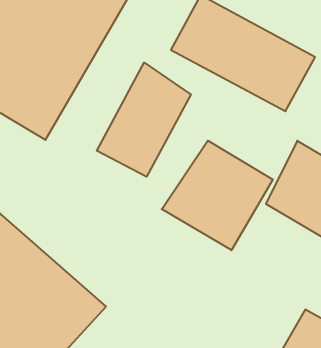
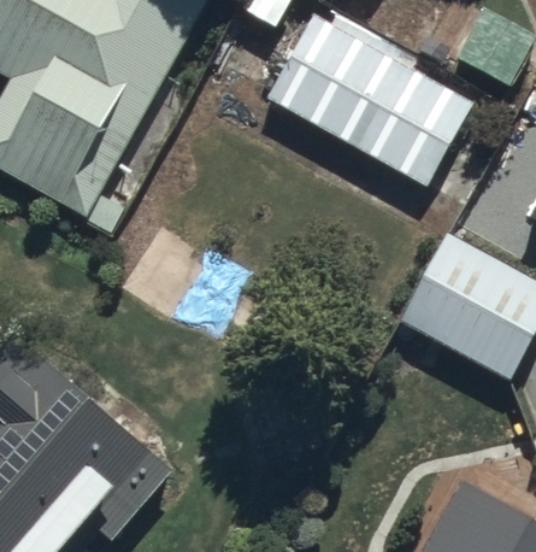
building: [97,63,191,177] -> none
building: [162,141,273,250] -> none

